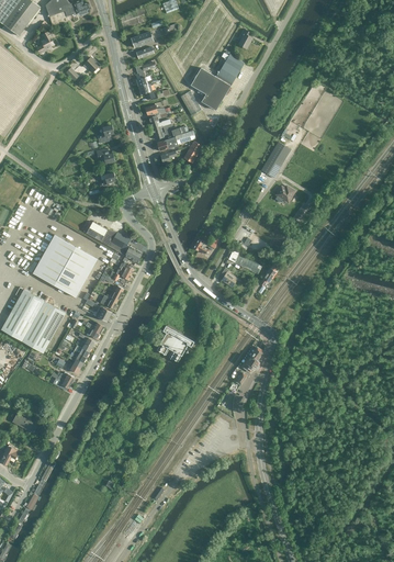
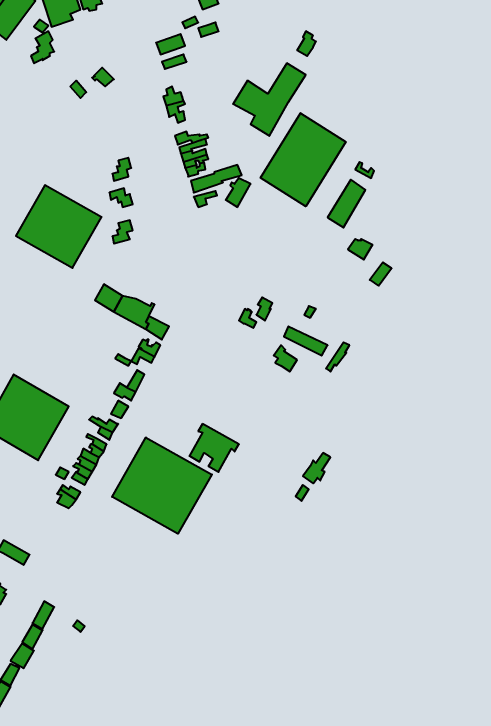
building: none -> [261,113,346,206]
building: [32,235,97,297] -> [16,185,102,268]
building: none -> [112,437,212,534]

